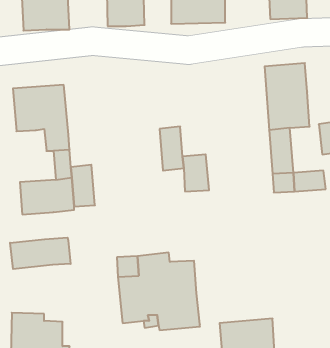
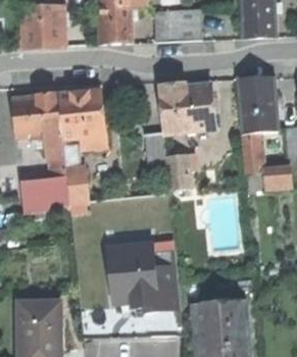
building: none -> [161,84,214,133]
building: none -> [59,90,107,148]
building: [10,238,71,269] -> none

